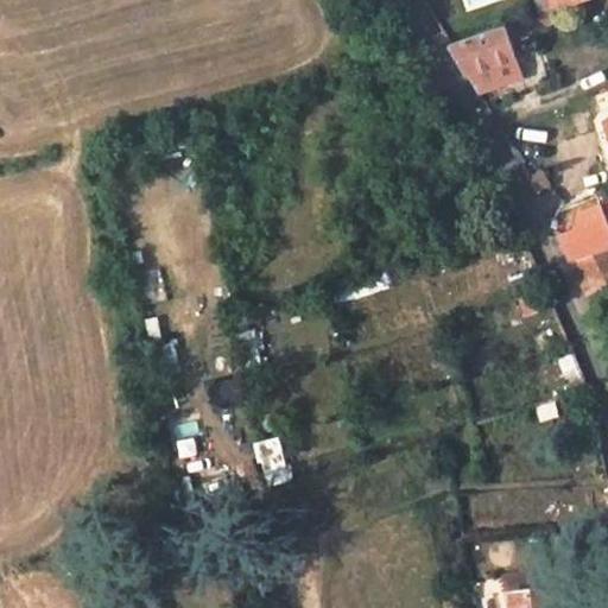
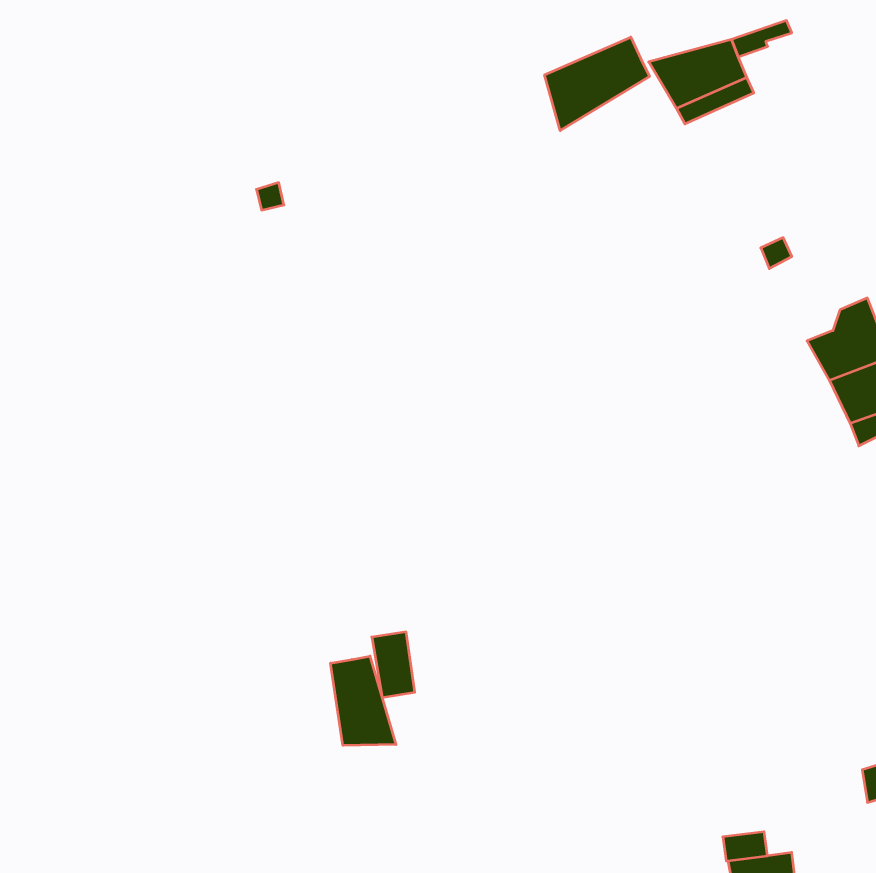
building: none -> [545,37,649,131]
building: none -> [331,656,396,745]

